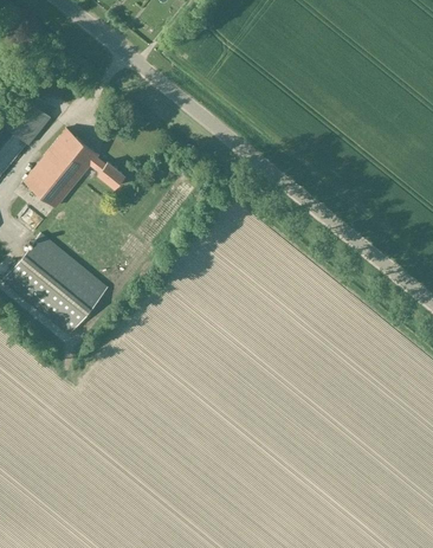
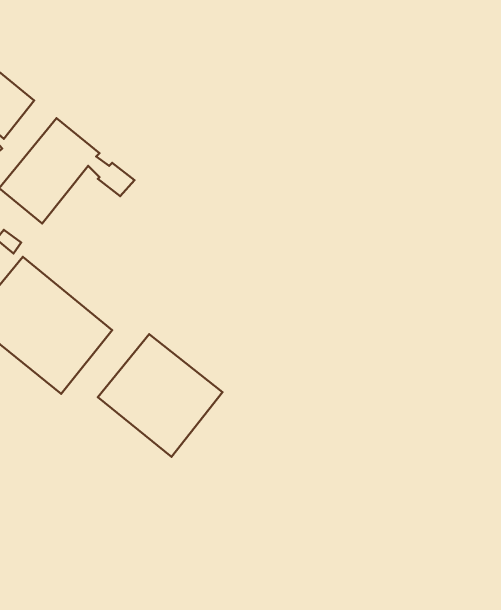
building: none -> [98,334,223,457]

